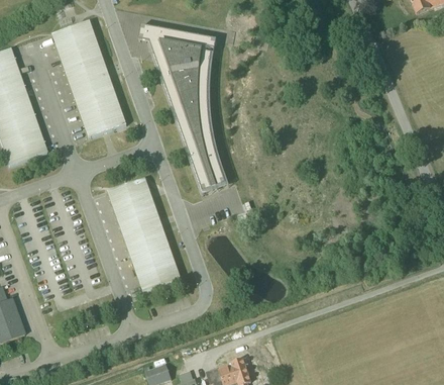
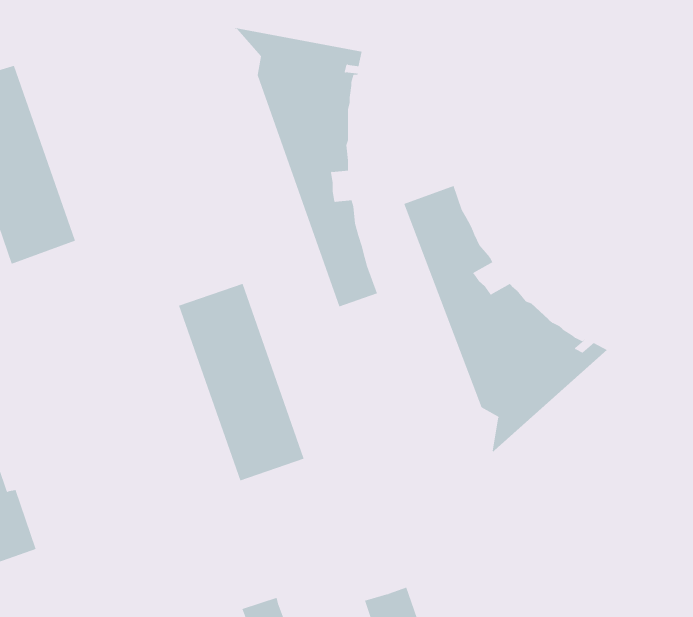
building: [51,19,126,137] -> none
building: none -> [404,185,608,453]

